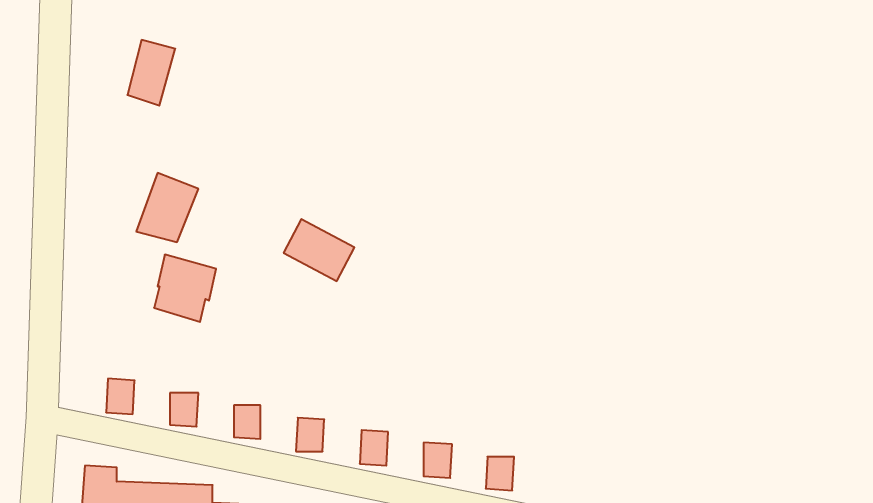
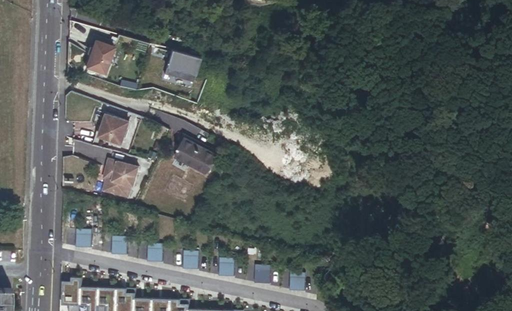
building: none -> [163,51,199,83]

